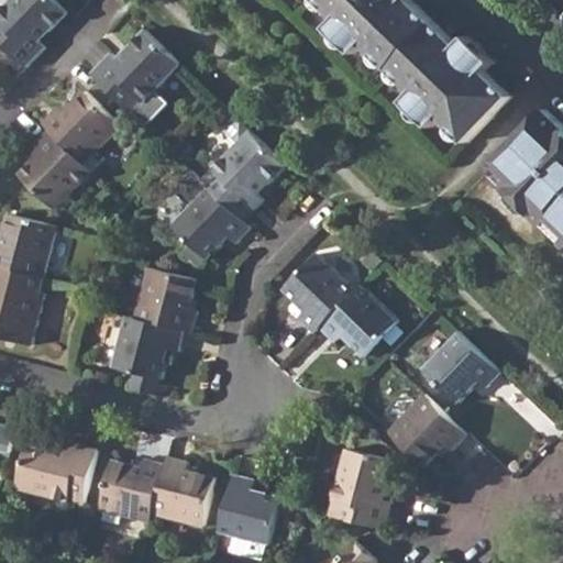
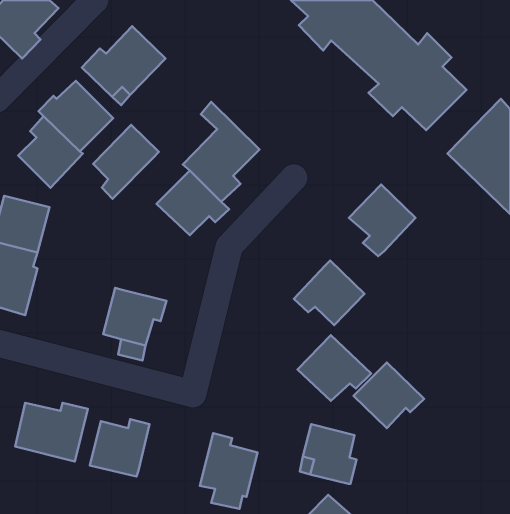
building: none -> [93,125,159,199]
building: [282,255,354,333] -> [349,184,415,256]
building: [133,271,196,333] -> none
building: [417,330,497,401] -> [297,335,371,401]
building: [151,457,216,528] -> none

